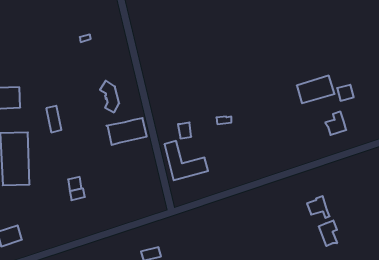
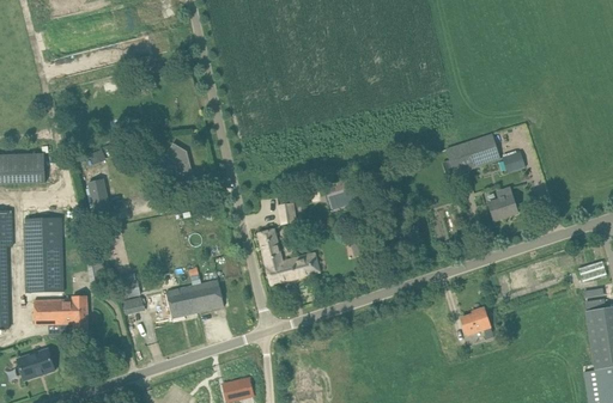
building: [106,118,147,145] -> [165,280,223,318]
building: none -> [32,297,87,332]
building: [319,220,337,246] -> none

